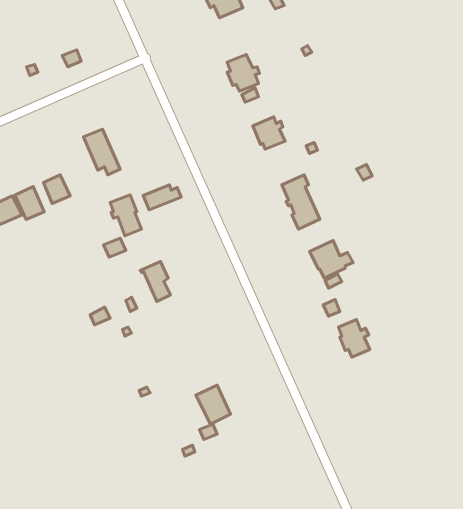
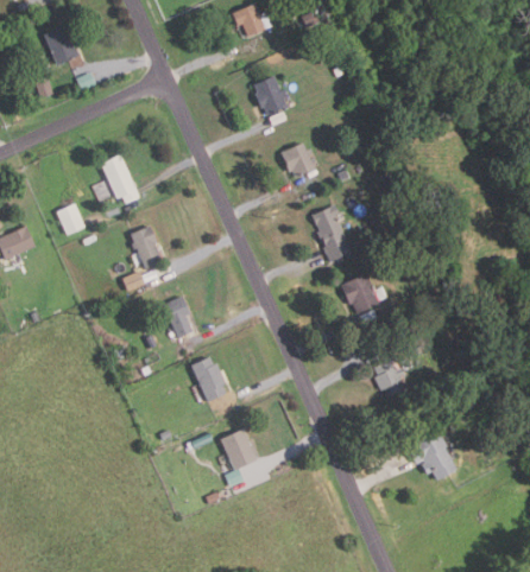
building: none -> [44,26,80,65]
building: [143,185,181,210] -> none
building: [15,187,44,220] -> none
building: none -> [190,357,227,402]
building: none -> [408,428,458,482]

